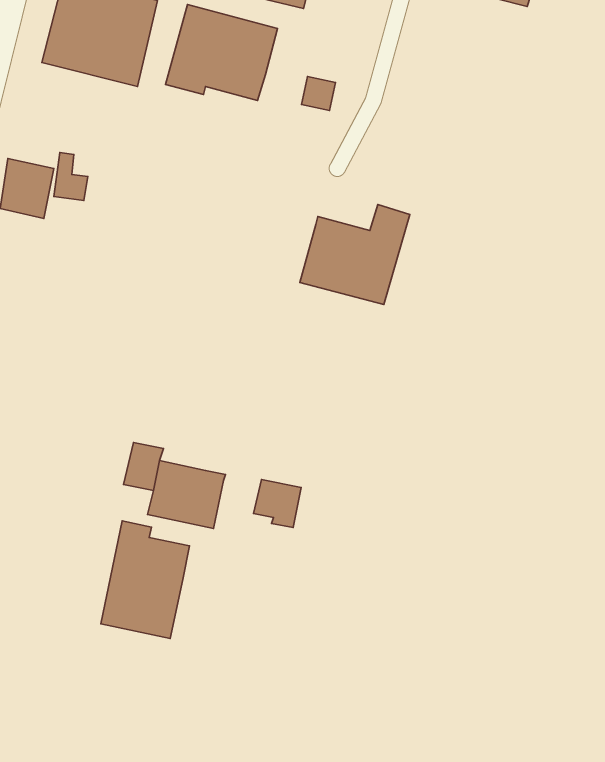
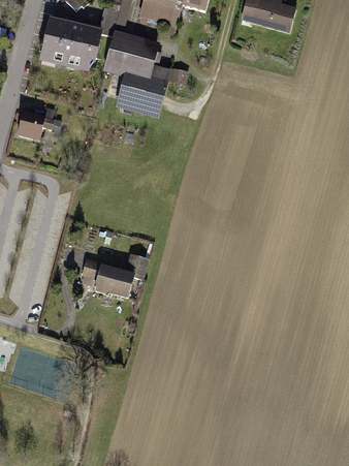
building: [300,204,410,304] -> [115,65,171,117]
building: [253,480,301,528] -> [124,252,149,277]
building: [101,521,189,639] -> none

